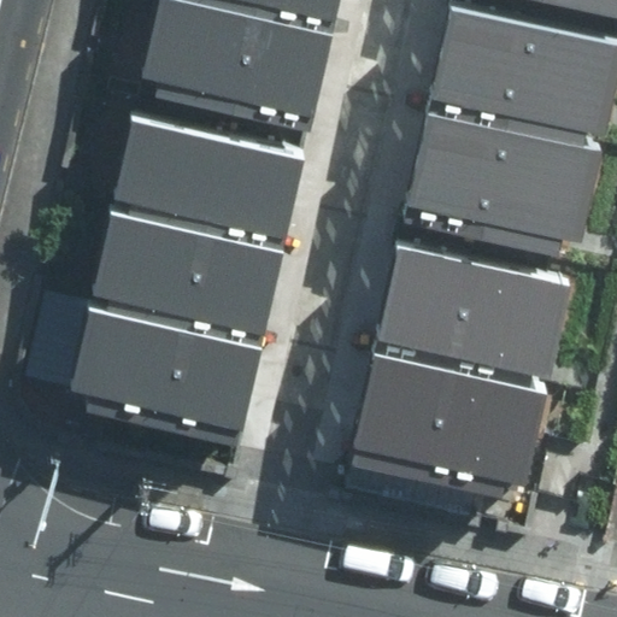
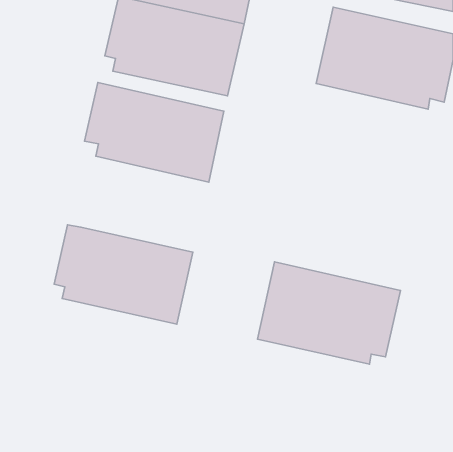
building: [405,113,600,253] -> none
building: [94,208,283,342] -> none
building: [376,246,568,377] -> none

